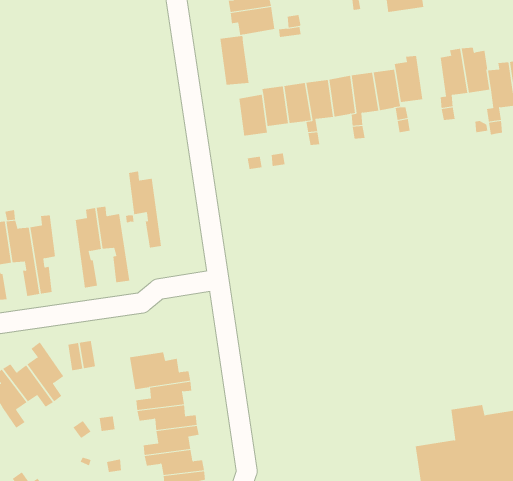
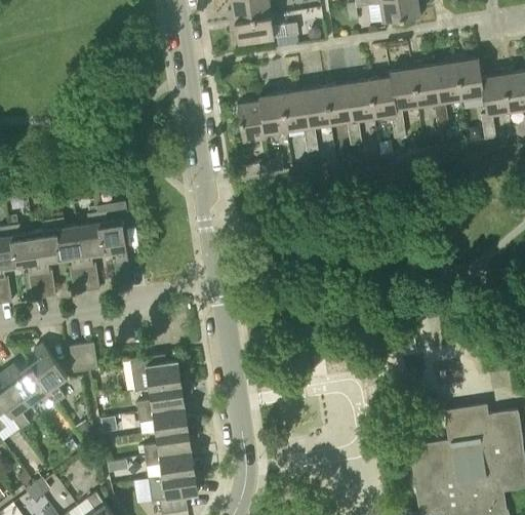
building: [220,35,249,85] -> none
building: none -> [411,62,439,107]
building: [128,171,162,248] -> [53,217,86,293]

